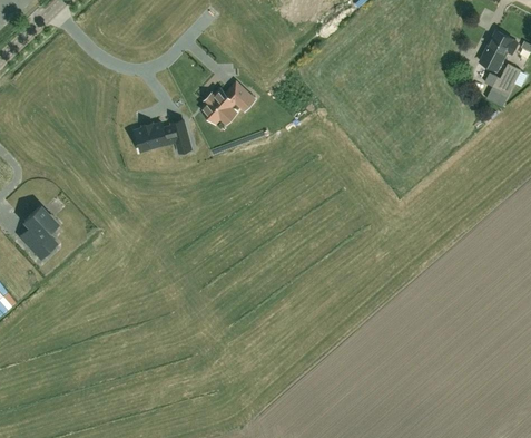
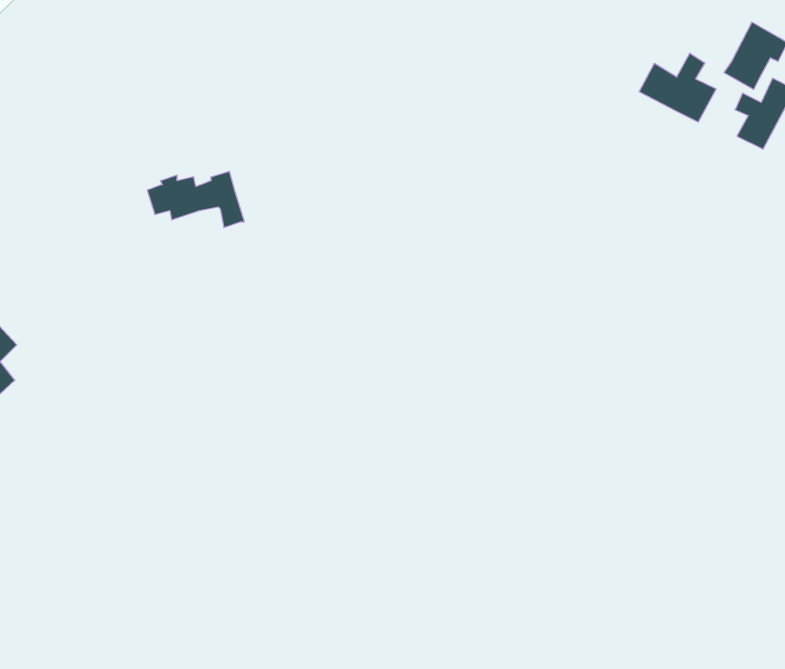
building: none -> [639,53,716,122]
building: [201,82,255,123] -> none

